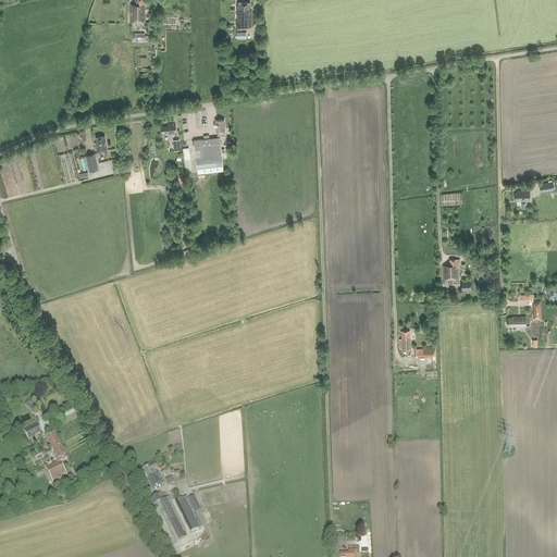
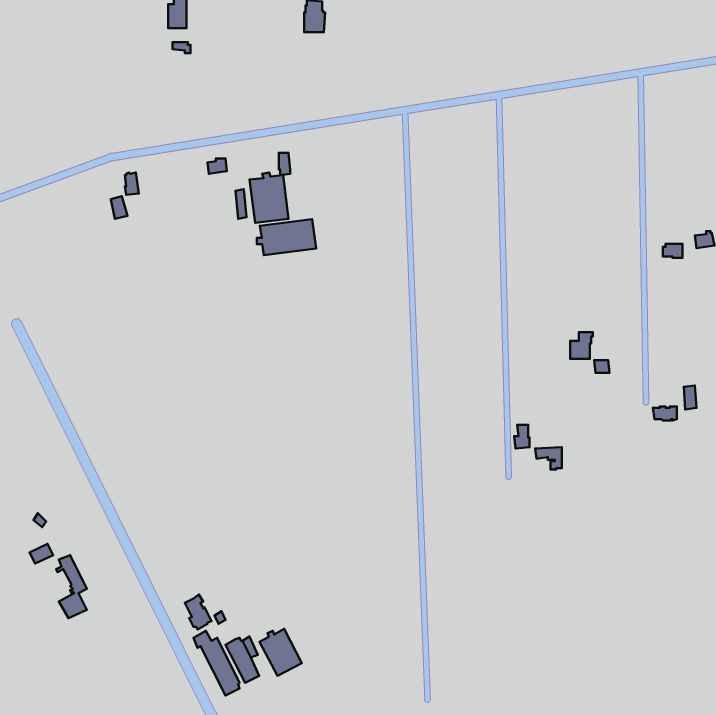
building: none -> [257,219,316,255]
building: none -> [260,629,302,676]

